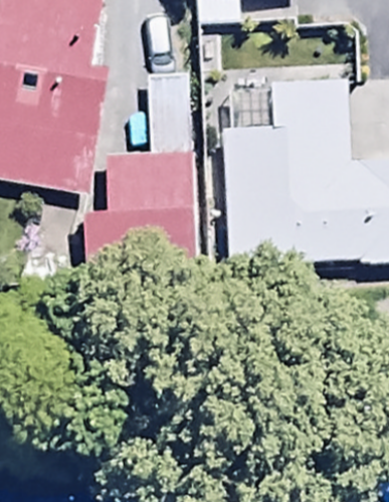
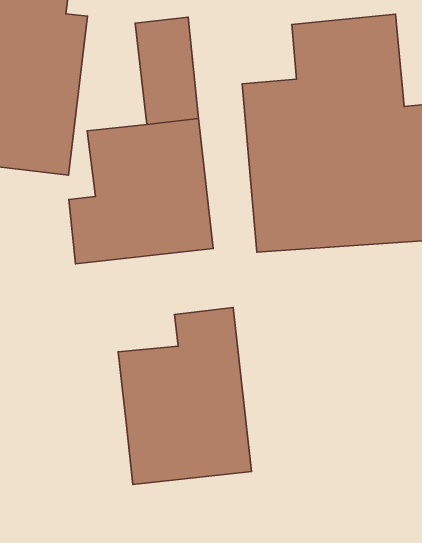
building: none -> [118,308,251,484]

